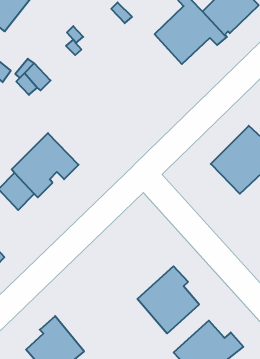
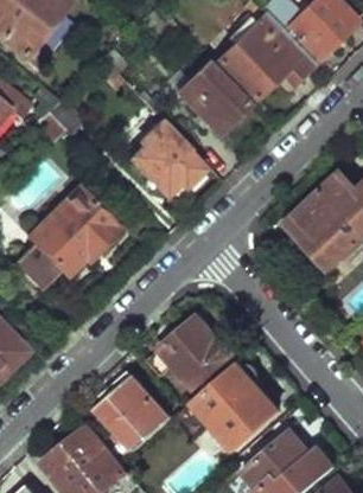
building: none -> [176,66,243,135]
building: none -> [132,122,202,194]
building: none -> [157,318,236,392]
building: none -> [96,377,170,453]

